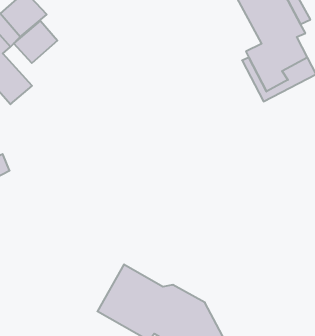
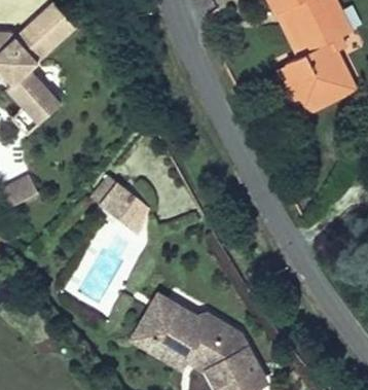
building: [14,21,57,63] -> none
building: none -> [86,173,150,235]

